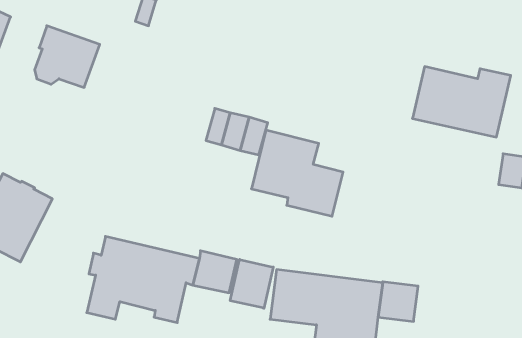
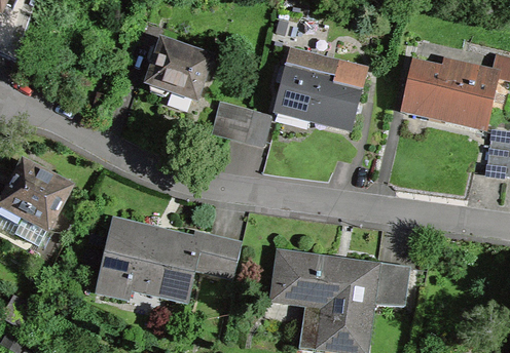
building: [35,26,100,87] -> [148,41,209,99]
building: [251,130,343,216] -> [276,49,361,129]
building: [230,259,273,308] -> none

